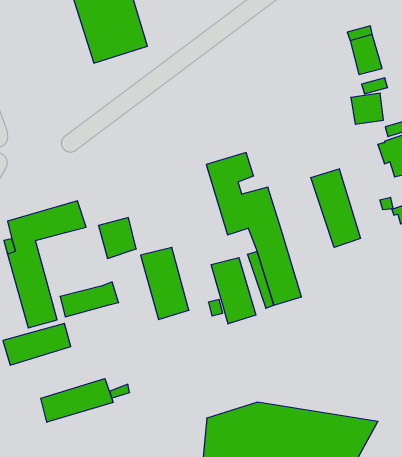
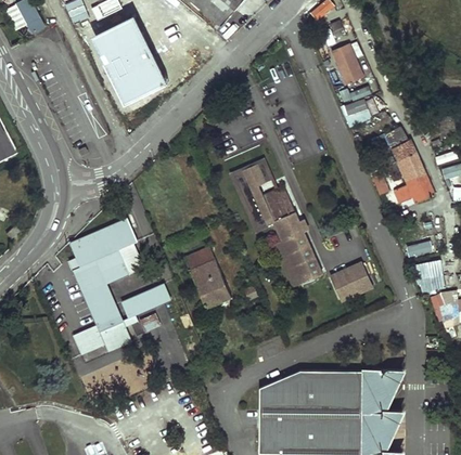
building: [311,169,360,247] -> none
building: [98,218,136,258] -> [97,246,130,282]
building: [211,258,256,324] -> none
building: none -> [331,263,370,299]
building: [41,379,113,422] -> none

